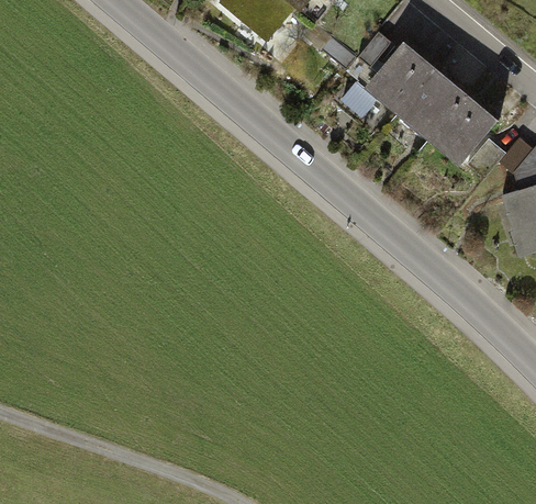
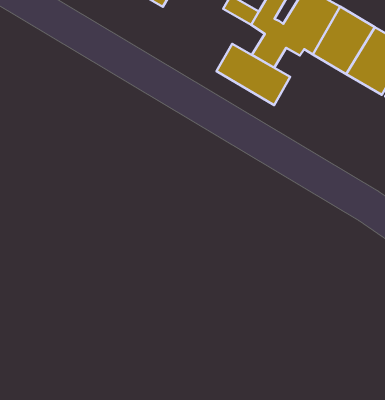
building: none -> [216,44,290,105]

